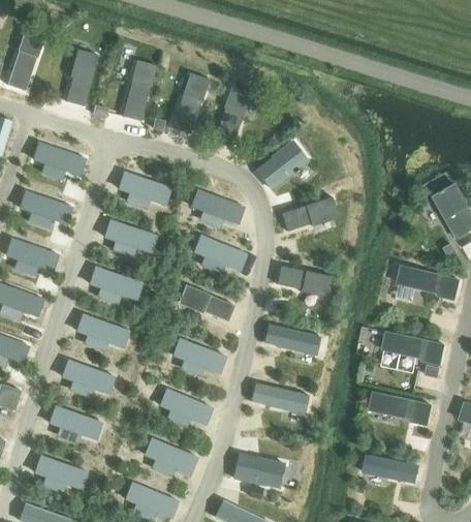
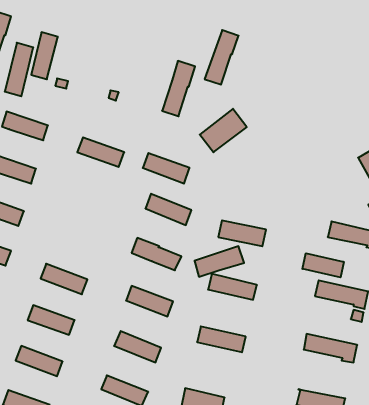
building: [122,62,154,122] -> [5,43,33,96]
building: [170,73,209,134] -> [205,30,239,85]
building: [281,197,337,232] -> [194,246,244,277]
building: [104,220,157,253] -> none
building: [89,268,142,301] -> none
building: none -> [302,253,344,277]

